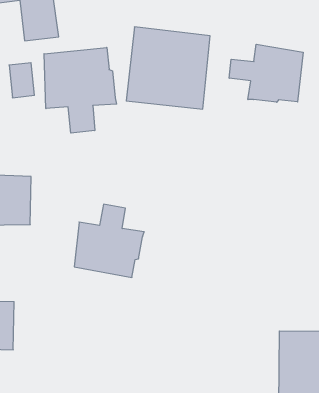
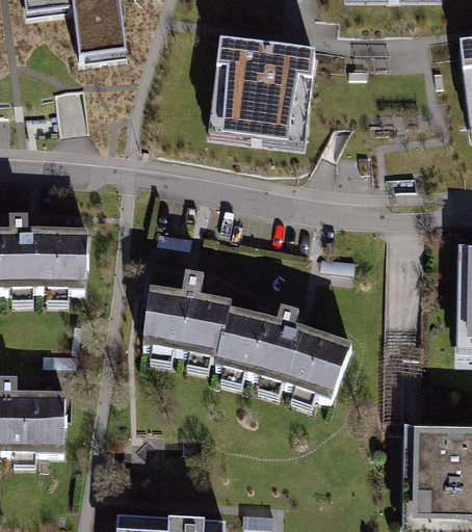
building: [229,44,303,102] -> none
building: [44,47,117,133] -> none
building: none -> [216,298,353,400]

